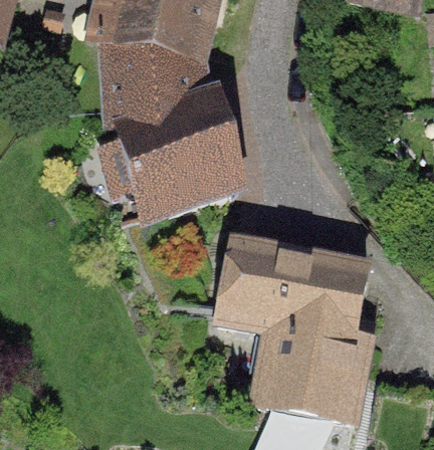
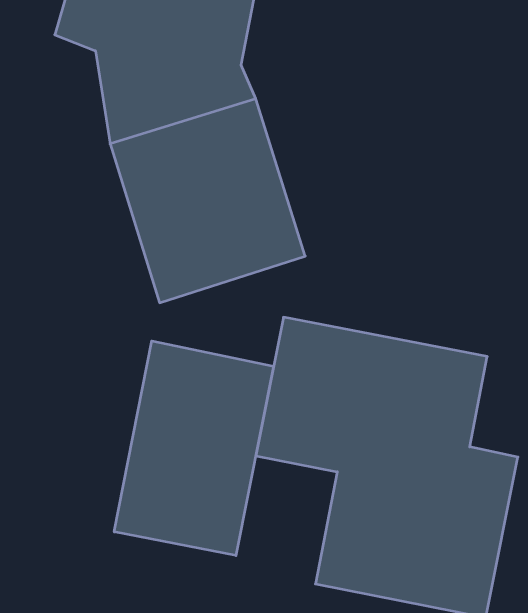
building: none -> [114,341,273,556]

